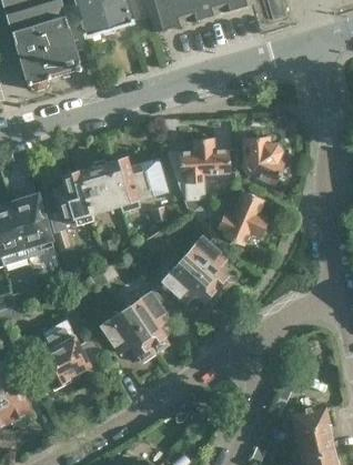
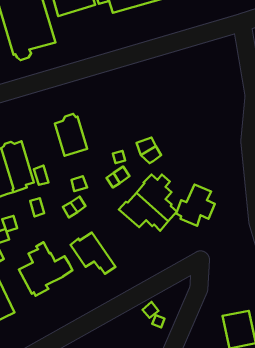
building: [236,138,284,184] -> none
building: [180,139,228,181] -> none
building: [109,158,167,210] -> none
building: [53,171,93,224] -> none
building: [219,192,268,244] -> [176,184,215,226]
building: [127,290,170,352] -> none

